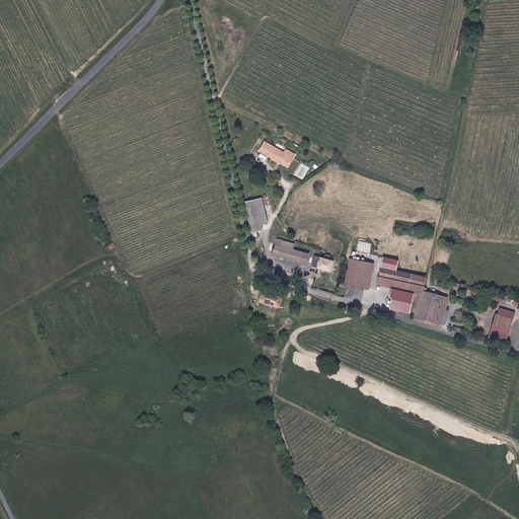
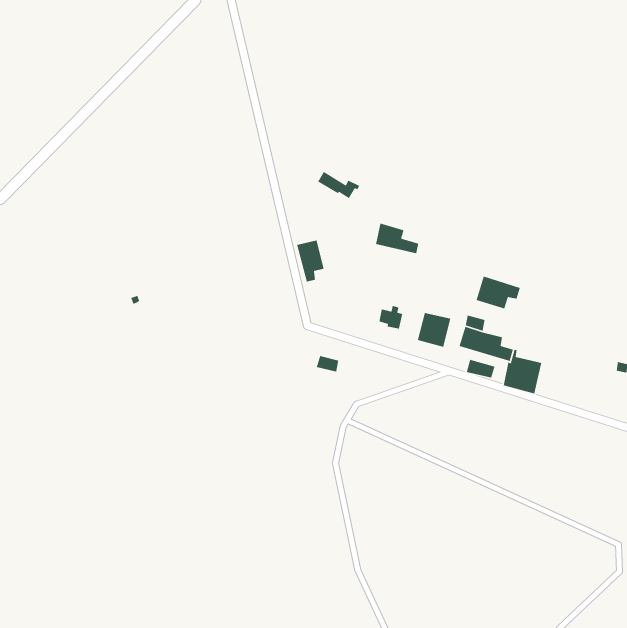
building: none -> [476,276,521,310]
building: [272,238,308,265] -> [375,222,419,254]
building: [489,307,514,343] -> none

